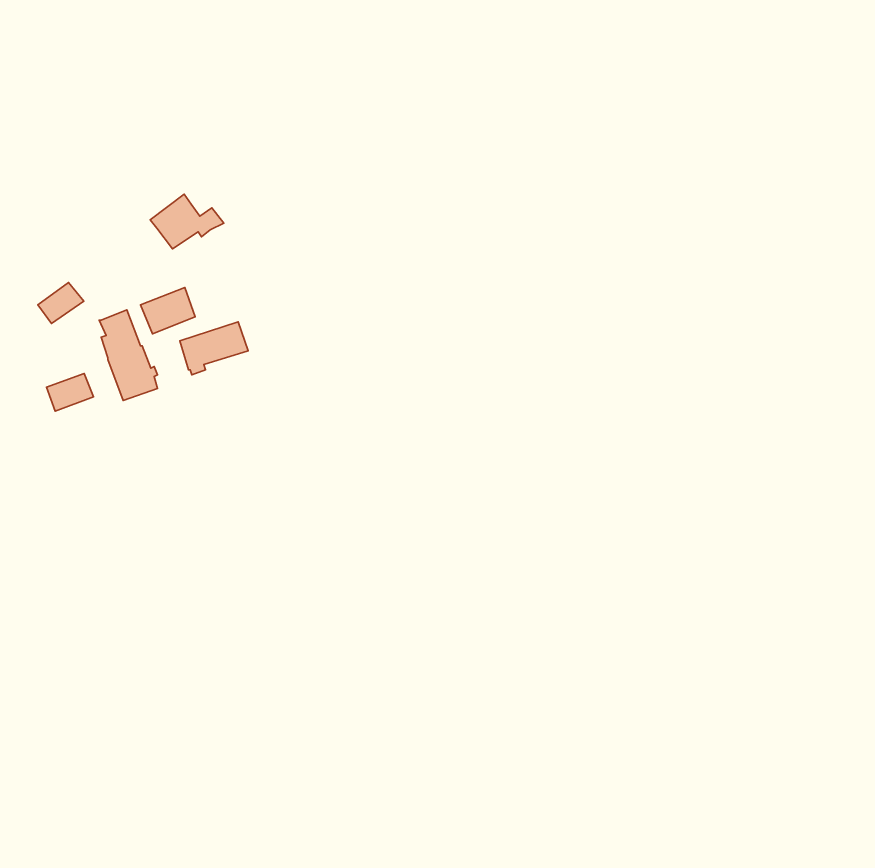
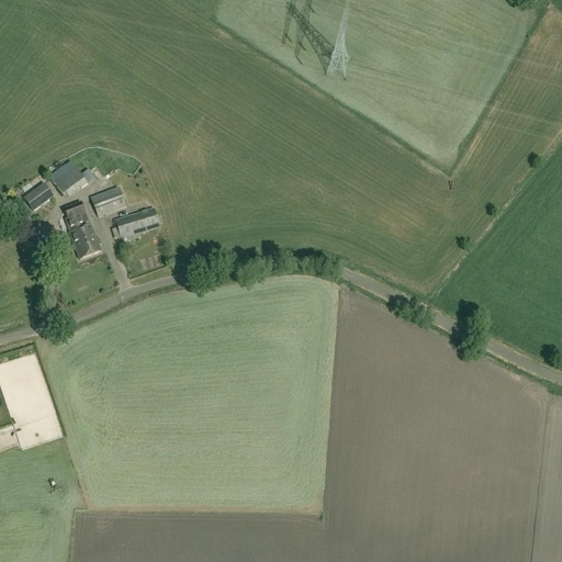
building: [150,194,224,249] -> [48,158,95,193]
building: [47,374,94,411] -> none

